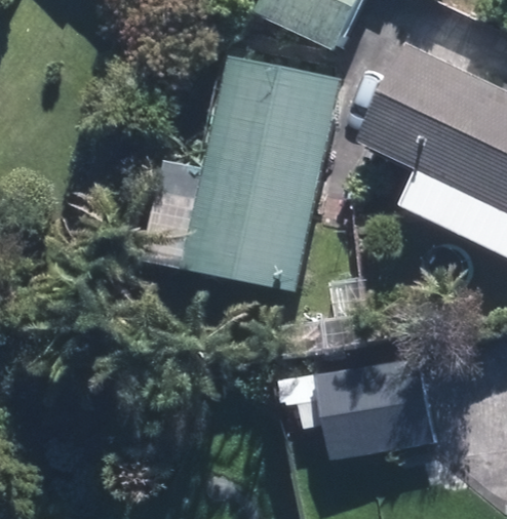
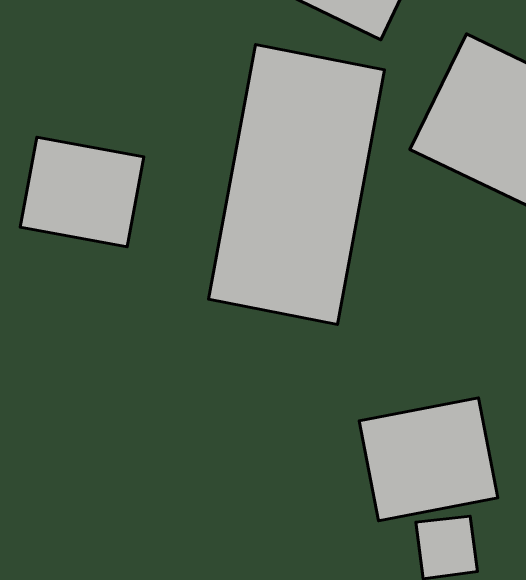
building: none -> [20,137,144,247]

